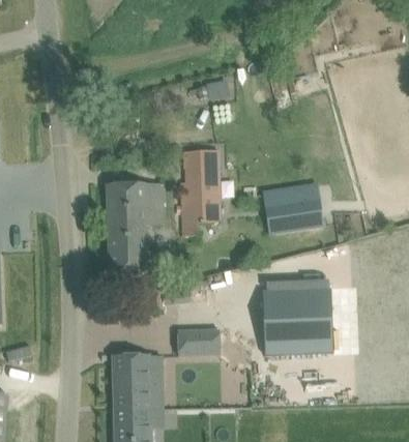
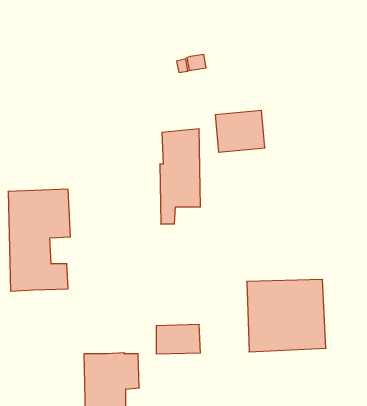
building: [107,181,164,274] -> [8,189,70,291]
building: [275,193,321,231] -> [215,110,265,152]

